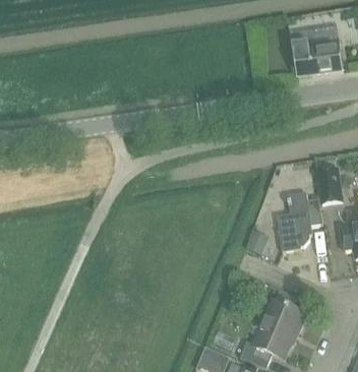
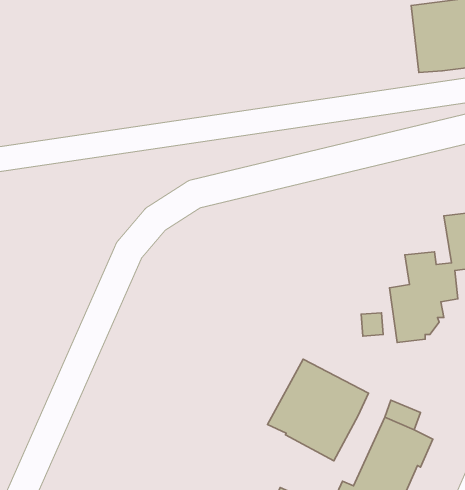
building: none -> [268,359,368,461]

